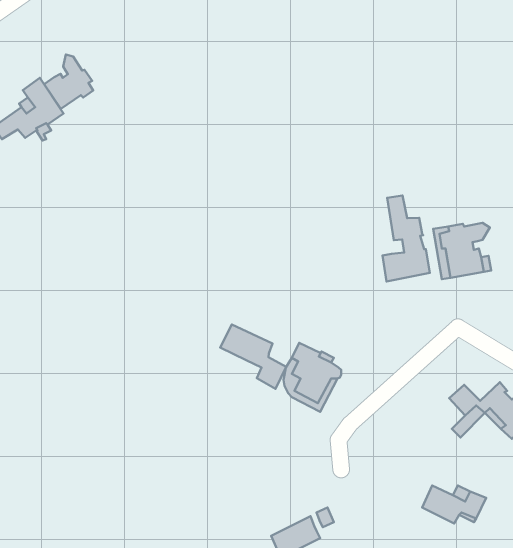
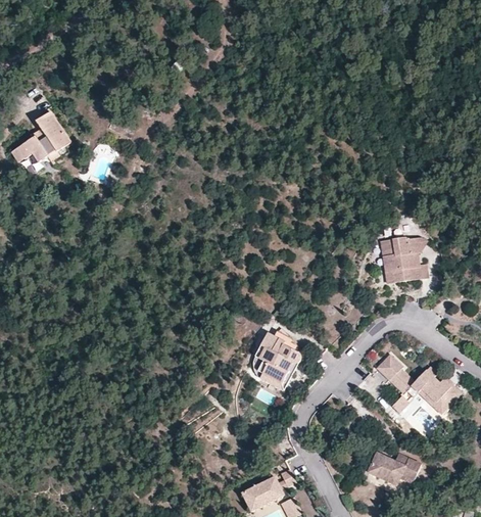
building: [44,55,93,109] -> none
building: [382,195,430,282] -> none
building: [220,325,286,389] -> none
building: none -> [376,353,403,379]

